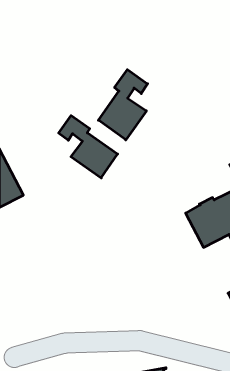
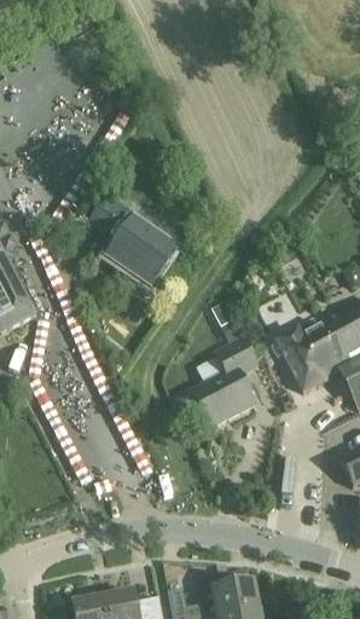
building: [98,70,148,140] -> none
building: none -> [191,337,257,427]

